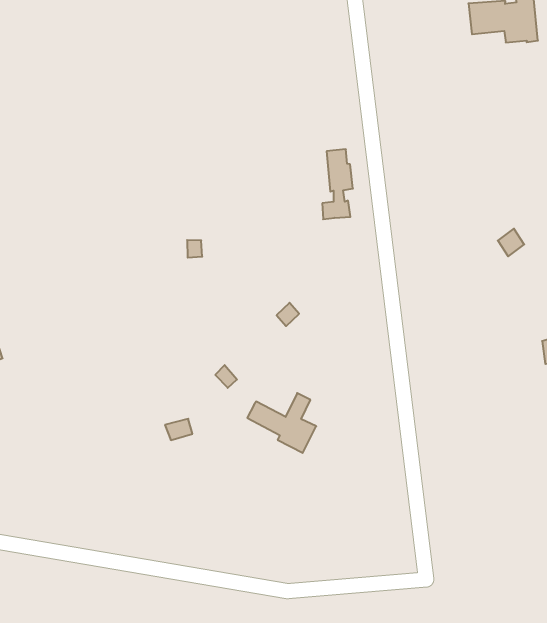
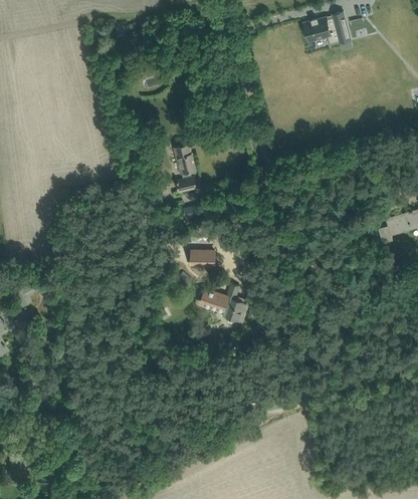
building: [322,149,353,219] -> [175,146,196,192]
building: none -> [190,250,216,268]

